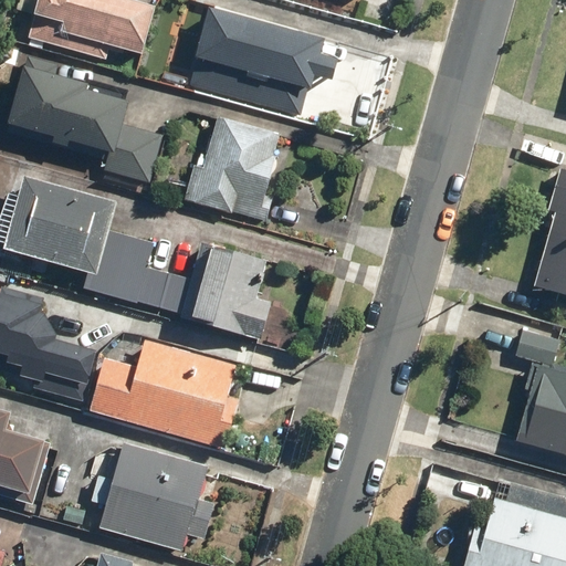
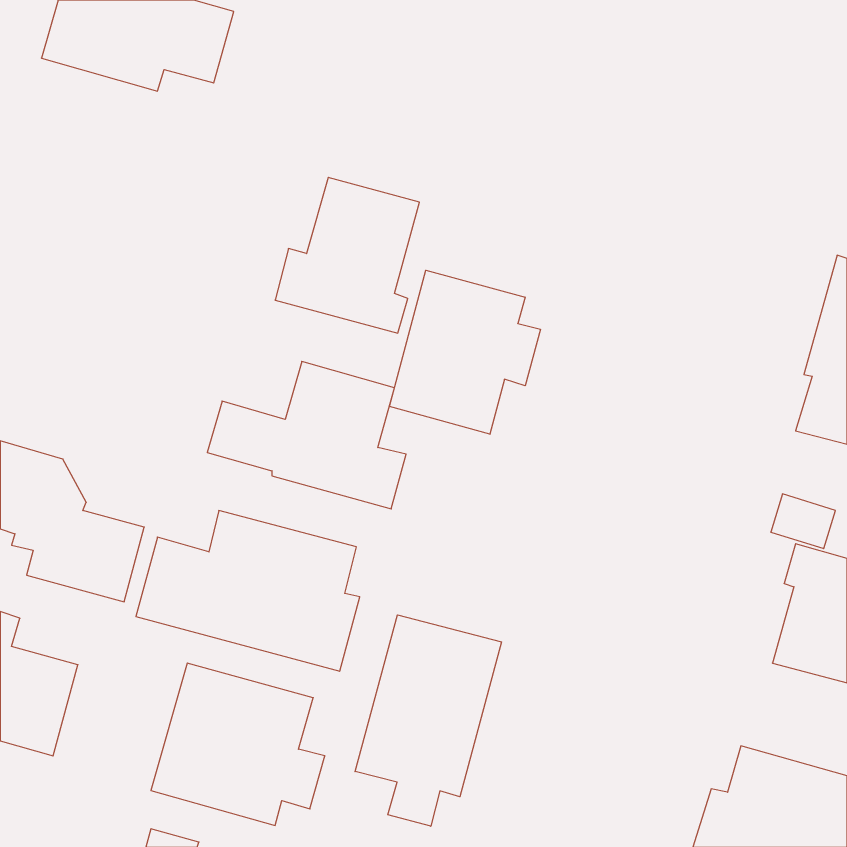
building: [191,8,336,116] -> none
building: [7,57,164,184] -> none
building: [7,176,154,304] -> none
building: none -> [389,270,540,434]
building: none -> [355,615,501,826]

